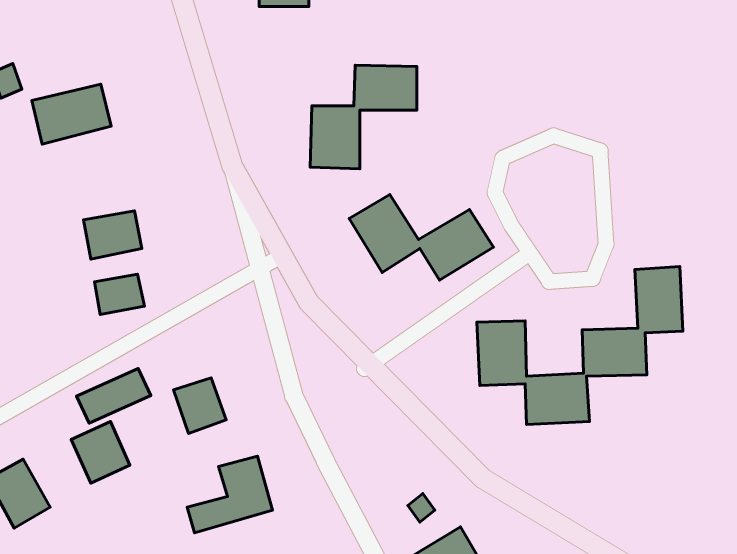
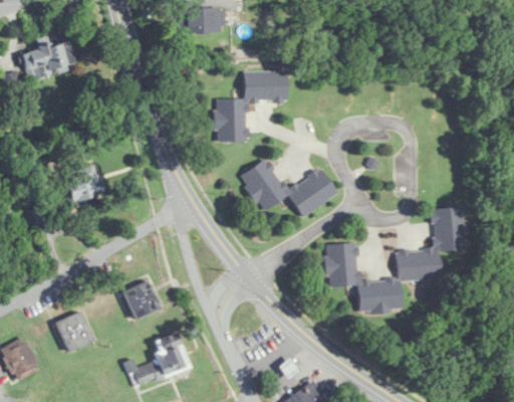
building: [32,84,111,144] -> [21,40,74,80]
building: [94,274,145,315] -> none
building: [77,369,151,423] -> none

